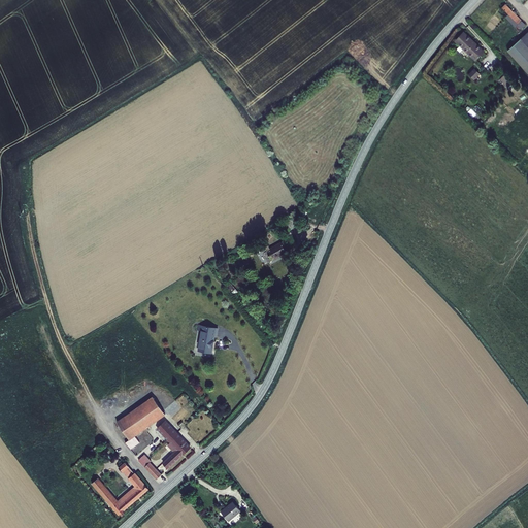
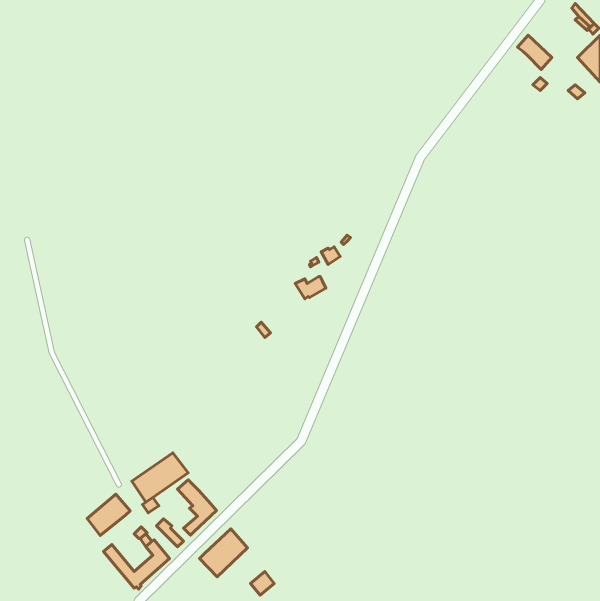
building: [198,328,220,355] -> none
building: none -> [87,494,130,536]
building: none -> [199,529,248,577]

